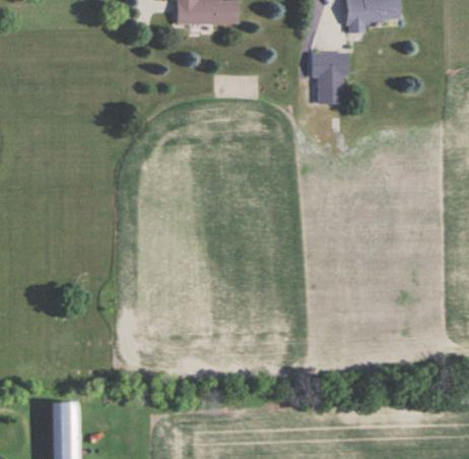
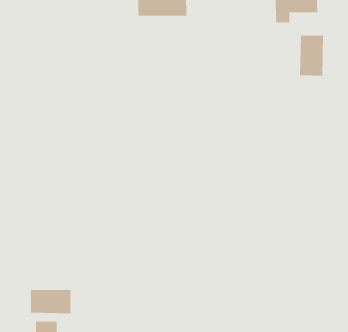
building: [317,53,347,104] -> [299,35,324,76]
building: none -> [30,289,71,314]

